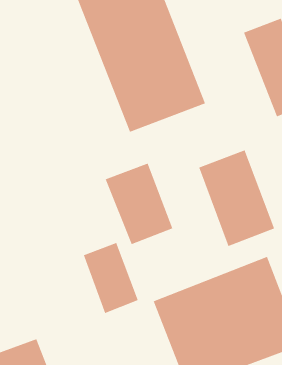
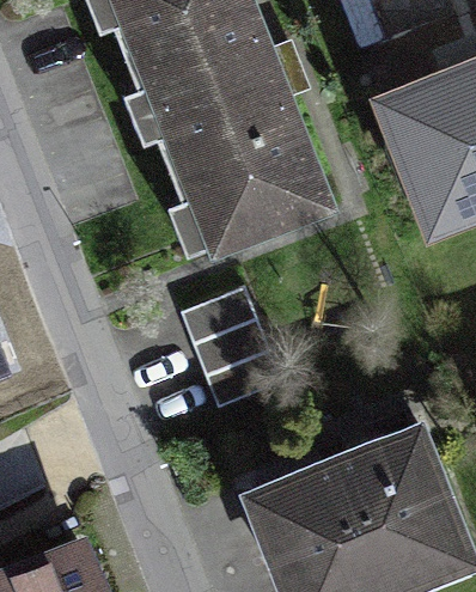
building: [199,150,275,247] -> none
building: [83,242,139,314] -> none

